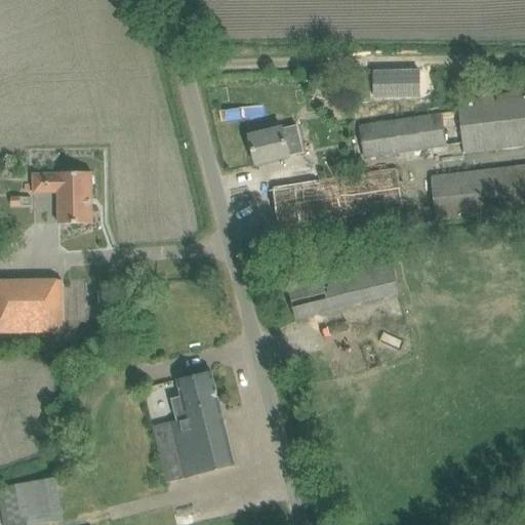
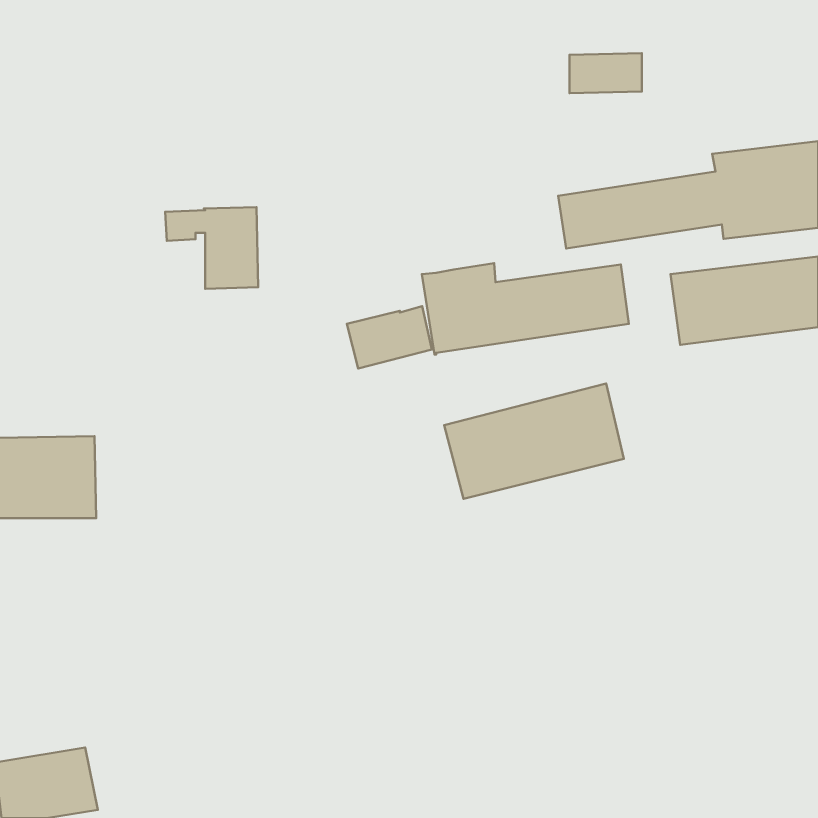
building: [373,70,419,95] -> [570,53,642,93]
building: [248,124,302,164] -> [347,306,432,369]
building: [32,171,91,224] -> [165,207,258,289]
building: [151,371,234,483] -> none

